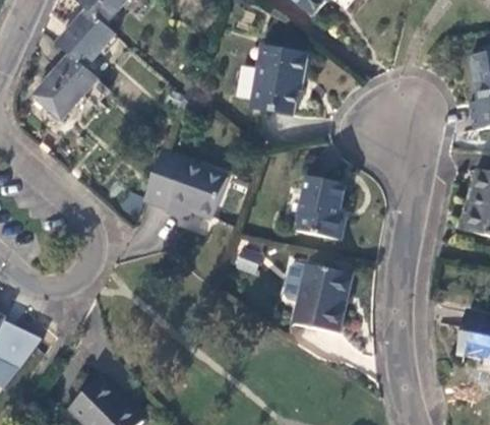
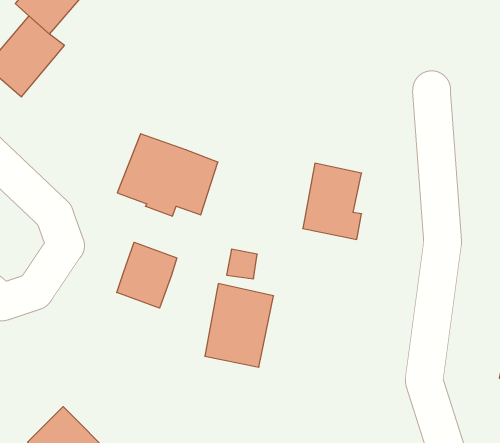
building: [250,46,307,113] -> none
building: none -> [117,242,177,308]
building: [295,262,352,331] -> [205,284,274,367]

